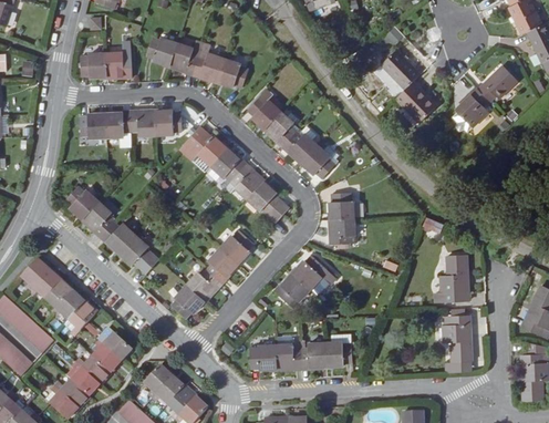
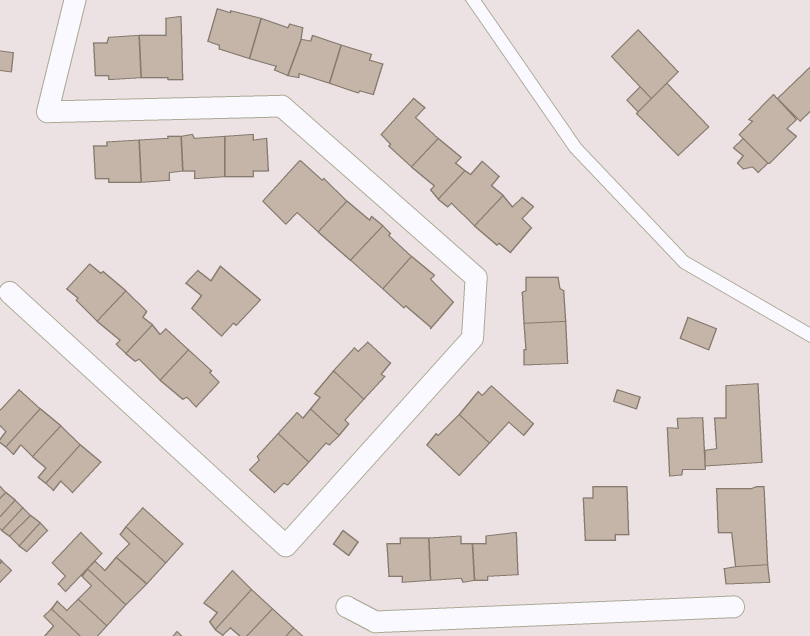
building: none -> [186,266,260,336]
building: none -> [667,418,705,476]
building: [68,300,96,334] -> [52,532,102,592]
building: [325,334,352,365] -> [583,487,629,540]

